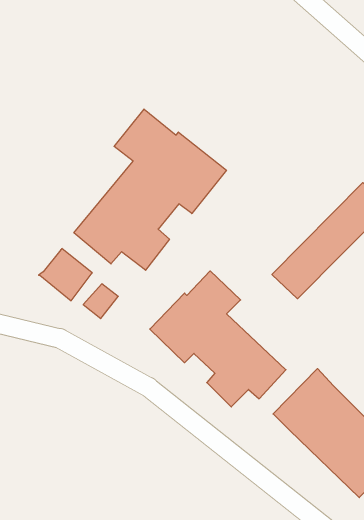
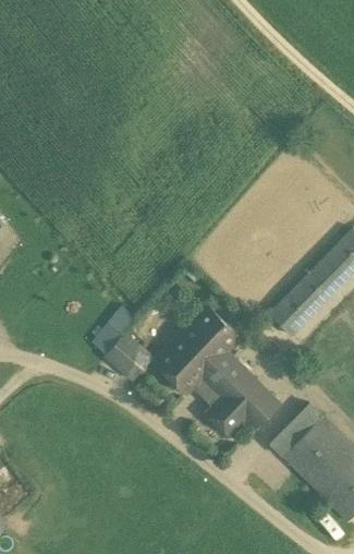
building: [74,109,226,270] -> none
building: [39,249,92,301] -> [102,333,152,382]

